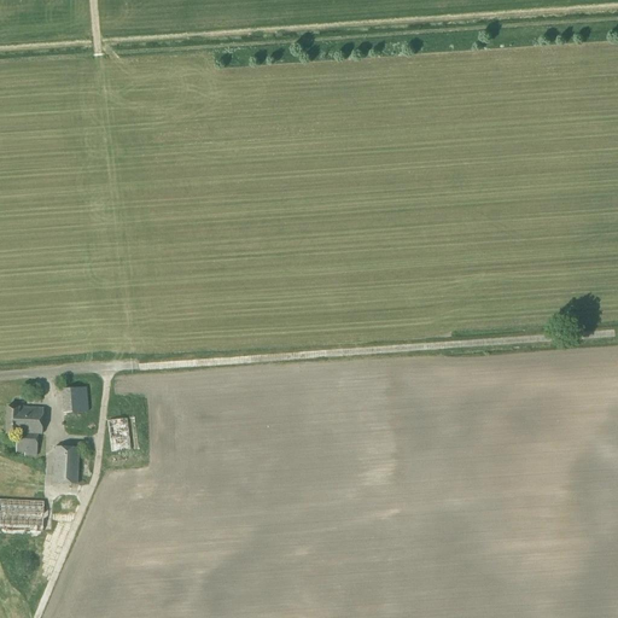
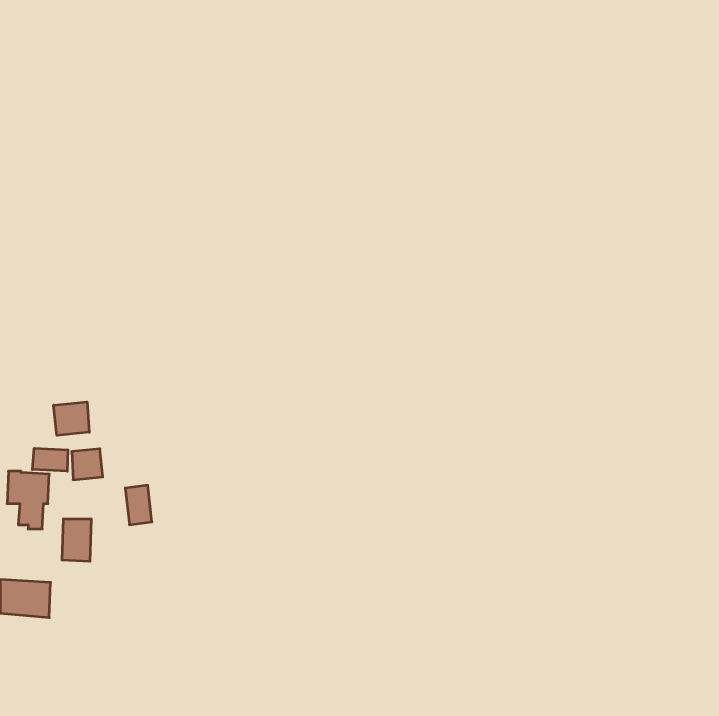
building: none -> [54,402,89,435]
building: none -> [32,448,68,471]

